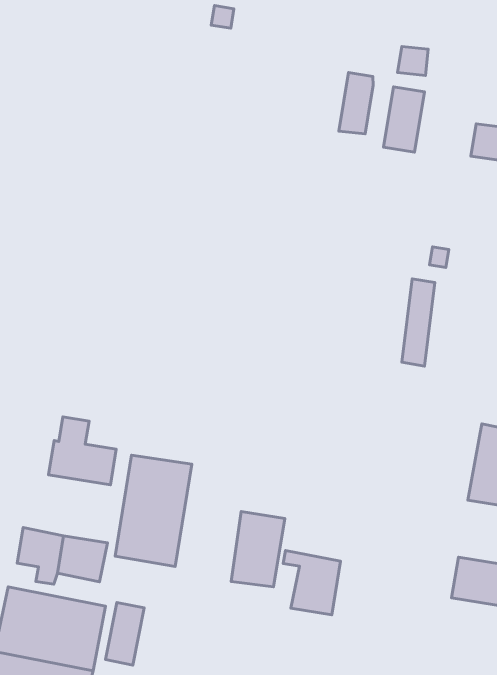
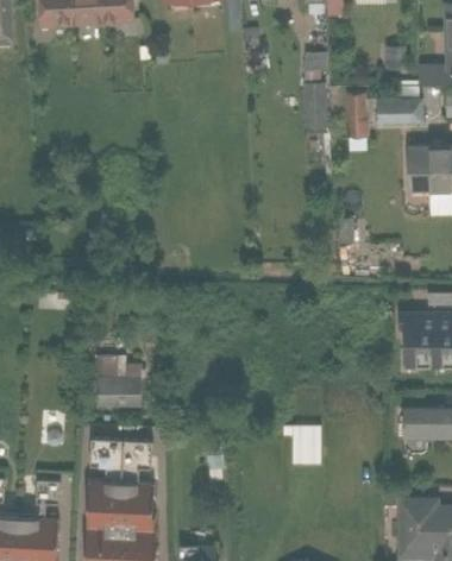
building: [339,73,373,134] -> [346,93,365,135]
building: [115,455,192,566] -> none
building: [231,511,285,587] -> none
building: [106,603,144,665] -> none

